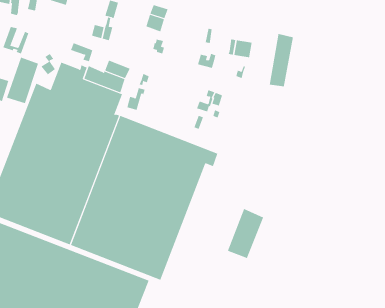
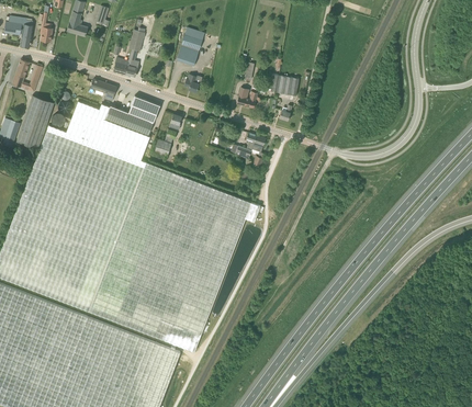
building: [269,33,293,87] -> none
building: [227,208,264,259] -> none

